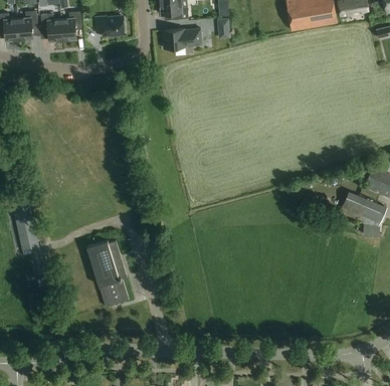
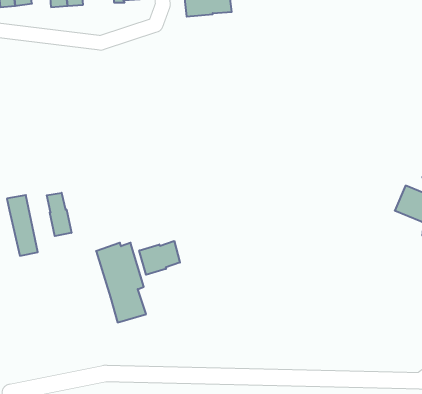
building: none -> [47,193,71,236]
building: none -> [139,241,180,275]

